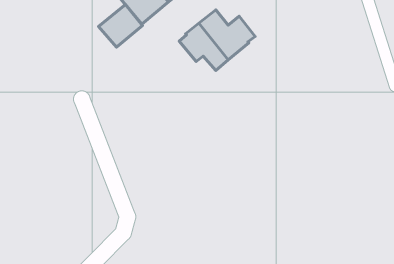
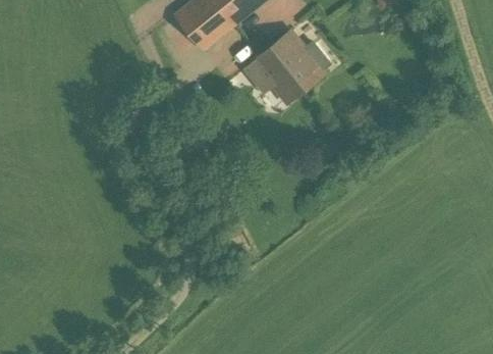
building: [99,4,143,47] -> none

